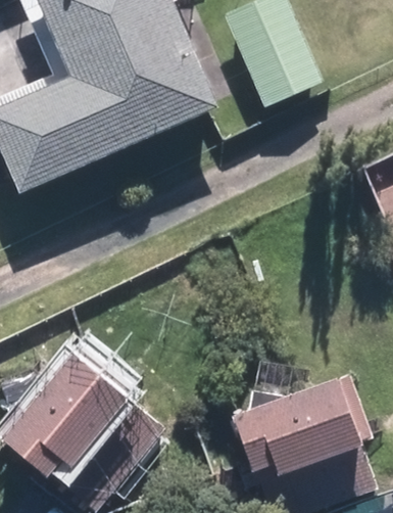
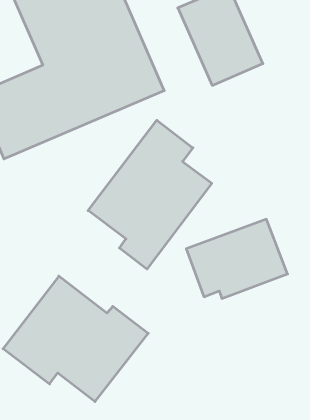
building: none -> [88,120,212,269]
building: [220,385,343,481] -> [186,219,288,298]

